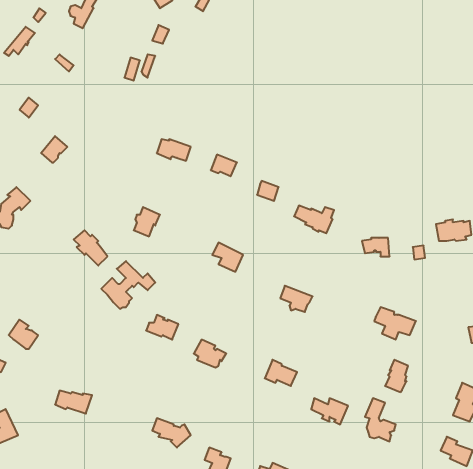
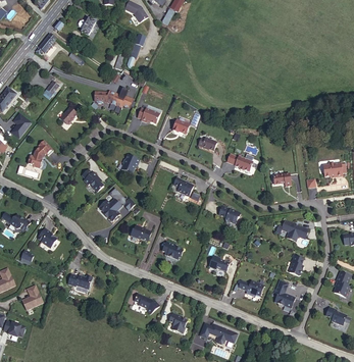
building: none -> [93,92,133,109]

